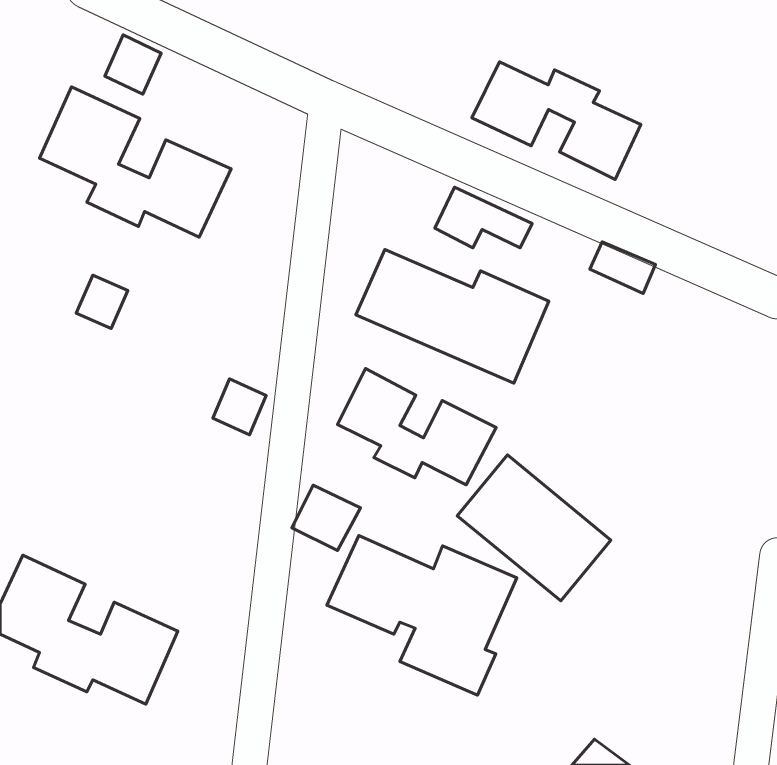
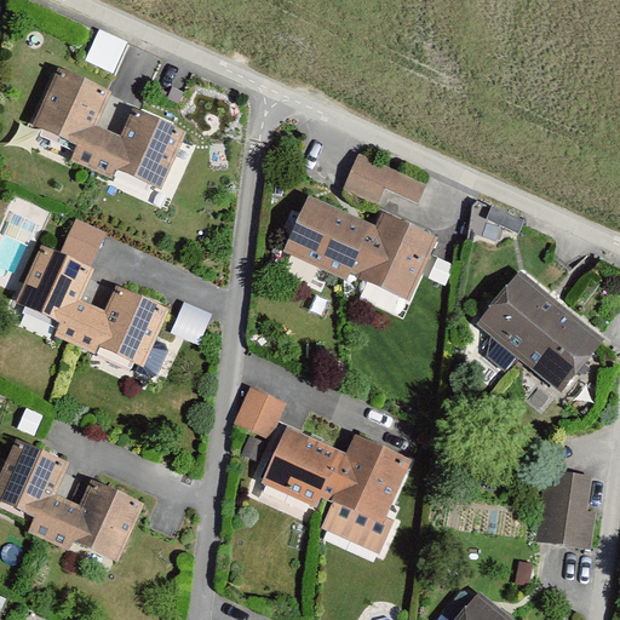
building: [472,62,641,179] -> none
building: none -> [13,245,166,366]
building: [337,368,496,485] -> none
building: [457,455,611,601] -> [478,274,601,390]
building: none -> [536,467,596,547]

